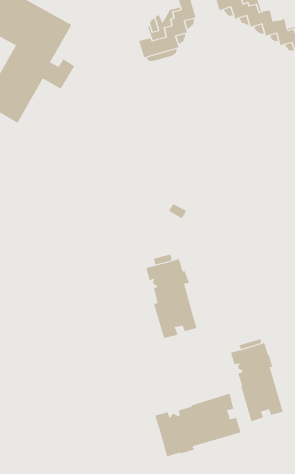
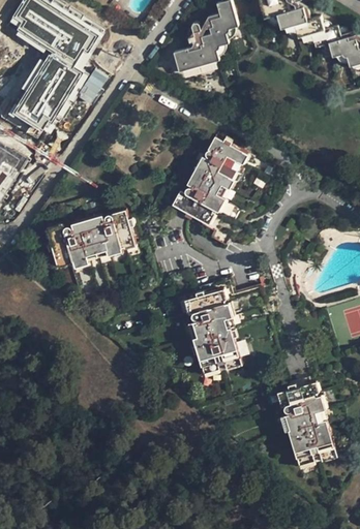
building: none -> [171,137,246,224]
building: none -> [44,210,133,267]
building: [154,393,241,457] -> none

